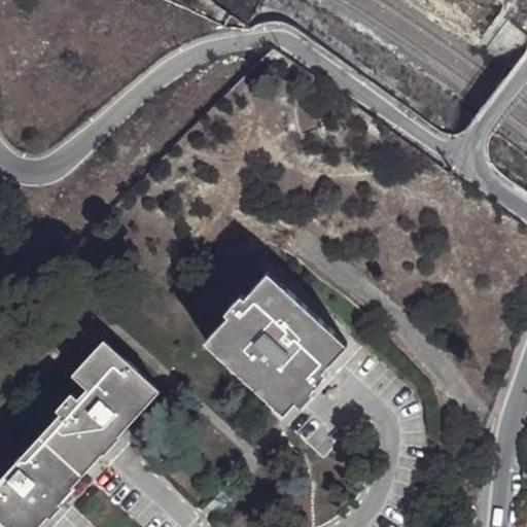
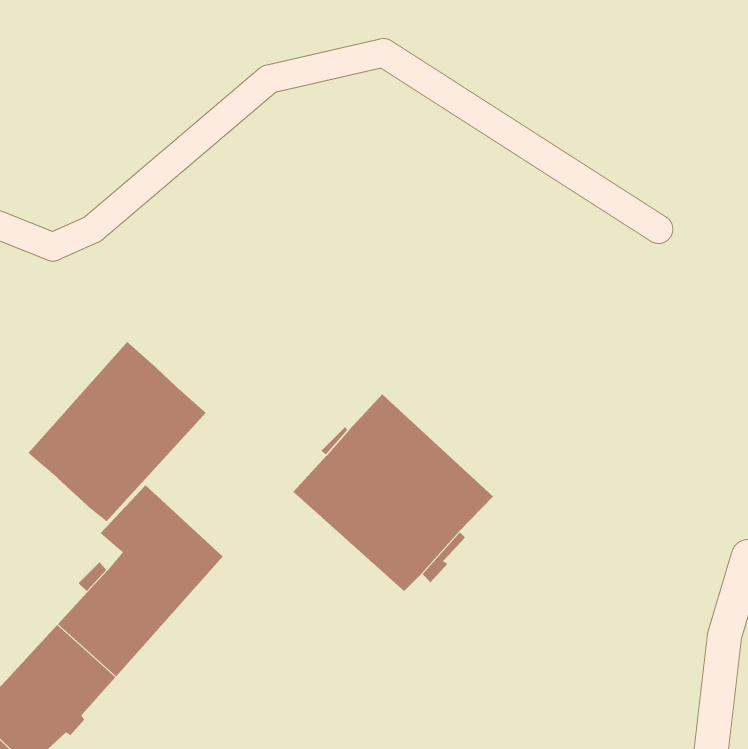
building: none -> [27,341,207,522]

